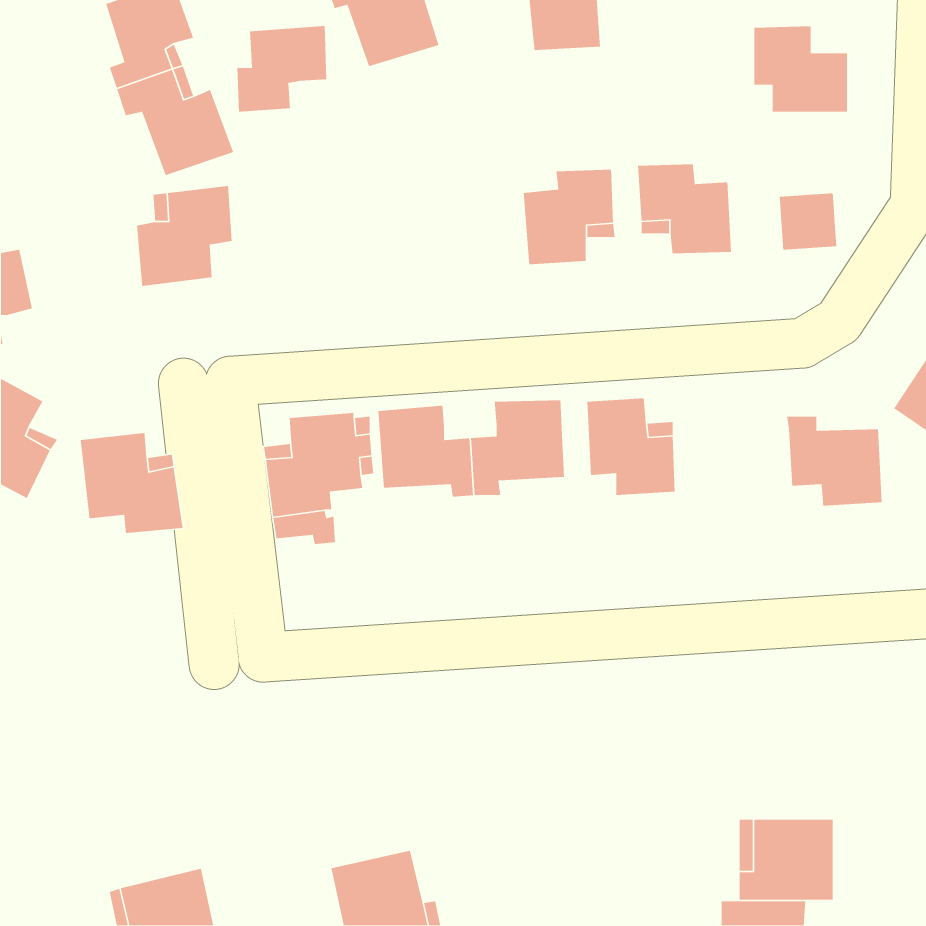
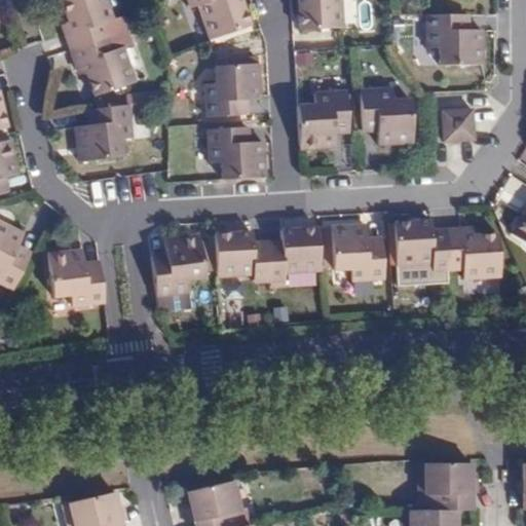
building: [236,25,327,112] -> [210,67,261,116]
building: none -> [212,127,266,179]
building: none -> [396,226,449,276]

